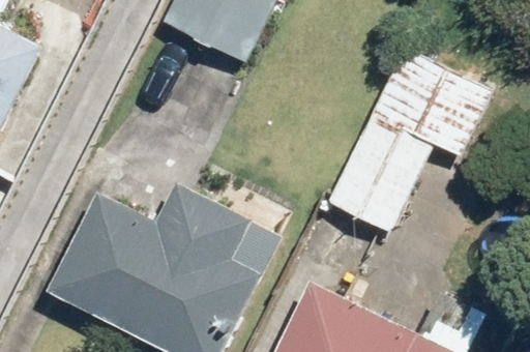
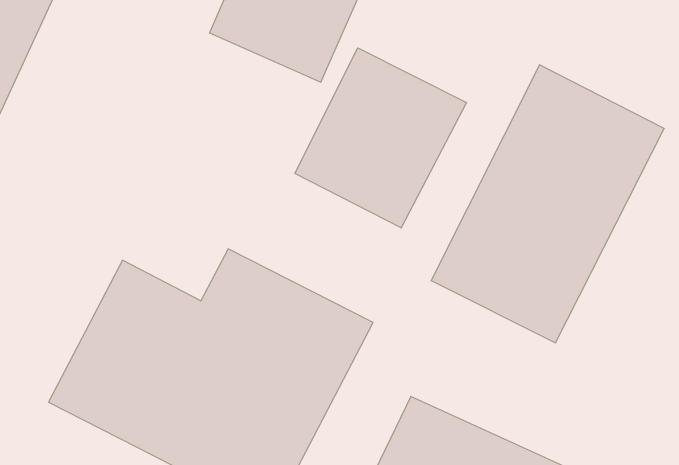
building: none -> [295,48,466,228]

